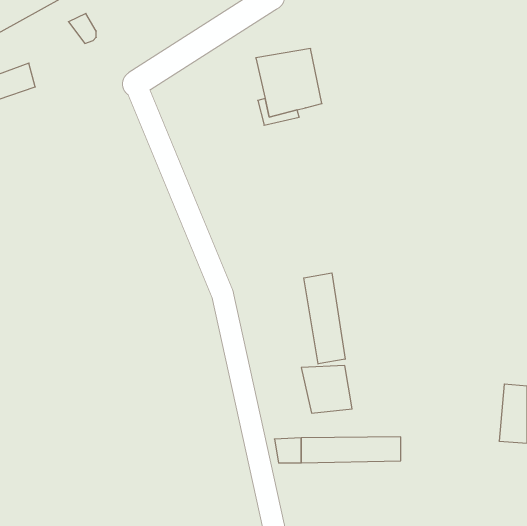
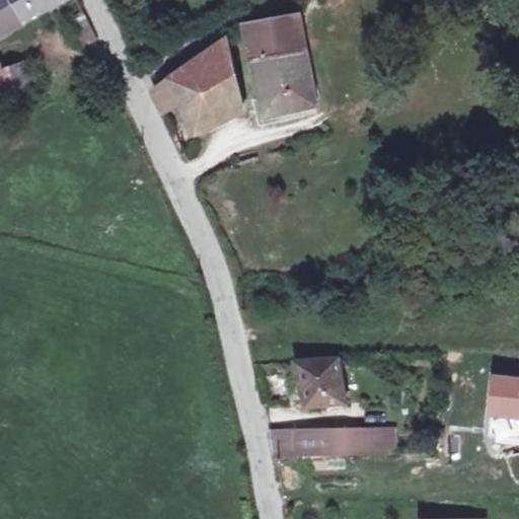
building: none -> [247,12,304,57]
building: none -> [152,39,240,123]
building: [304,273,345,364] -> none

